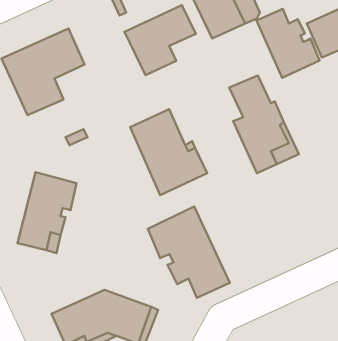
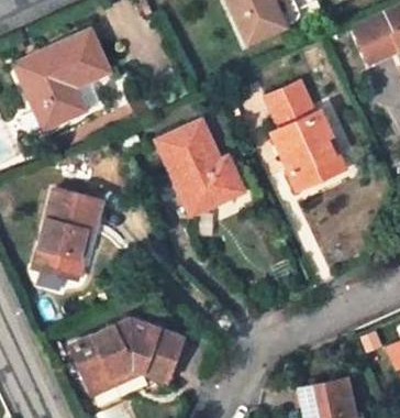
building: [125,5,196,75] -> none
building: [256,9,320,78] -> none
building: [148,207,230,298] -> none

